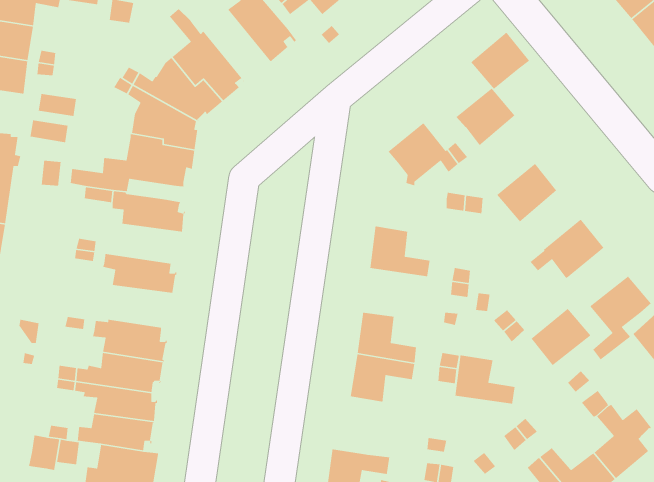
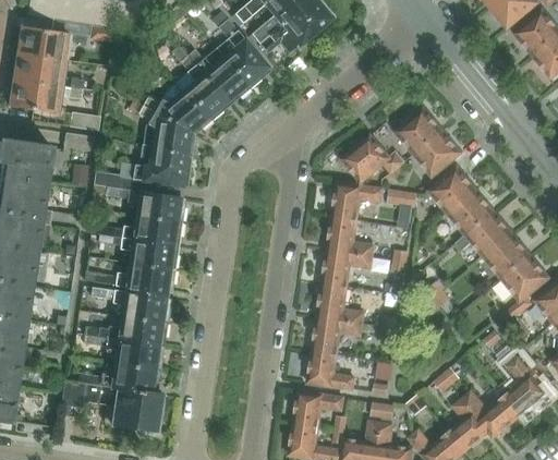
building: none -> [189,47,251,104]
building: [470,31,530,90] -> [414,130,461,175]
building: none -> [332,182,384,220]
building: none -> [446,189,494,235]
building: none -> [121,215,182,245]
building: none -> [323,250,374,287]
building: none -> [84,263,175,295]
building: [530,308,592,366] -> [483,233,531,279]
building: [454,354,516,405] -> [308,350,356,389]

